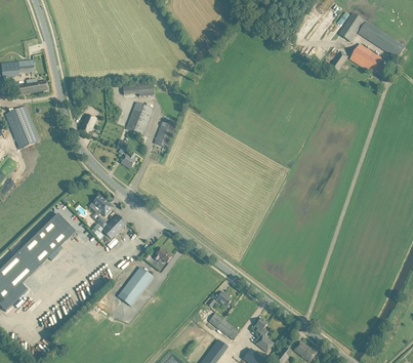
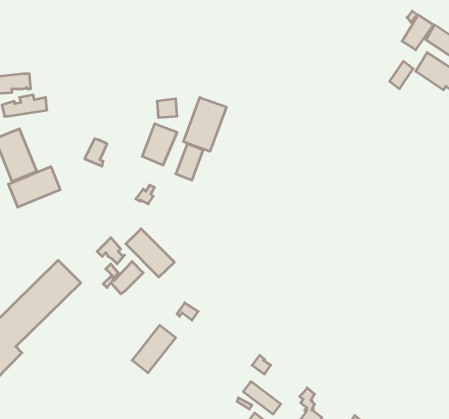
building: none -> [183,97,226,151]
building: none -> [8,167,60,207]
building: none -> [126,229,174,277]

